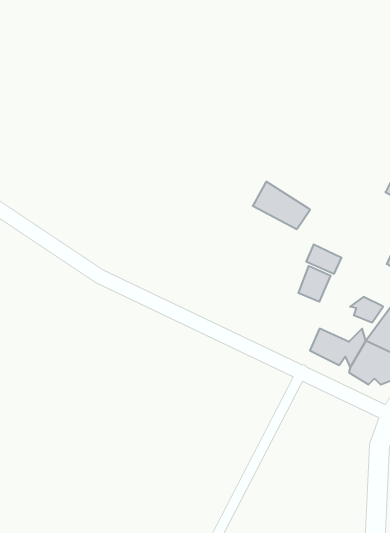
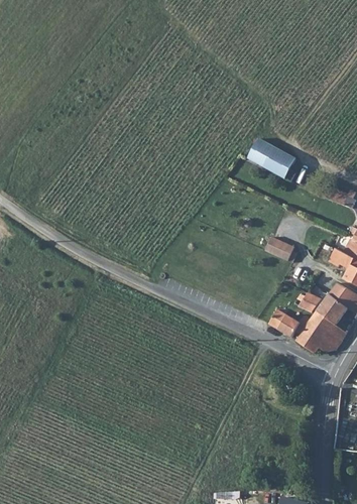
building: [253,182,310,229] -> [246,139,293,178]
building: [298,266,331,302] -> none

